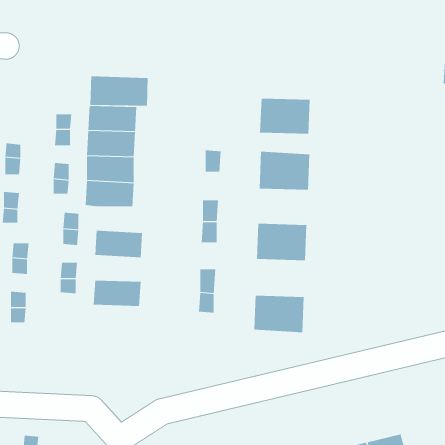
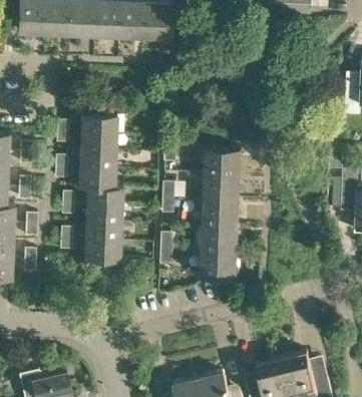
building: [90,76,148,107] -> none
building: [259,98,310,134] -> [204,174,241,201]
building: none -> [86,187,121,207]
building: none -> [85,223,119,242]
building: none -> [202,226,239,253]

